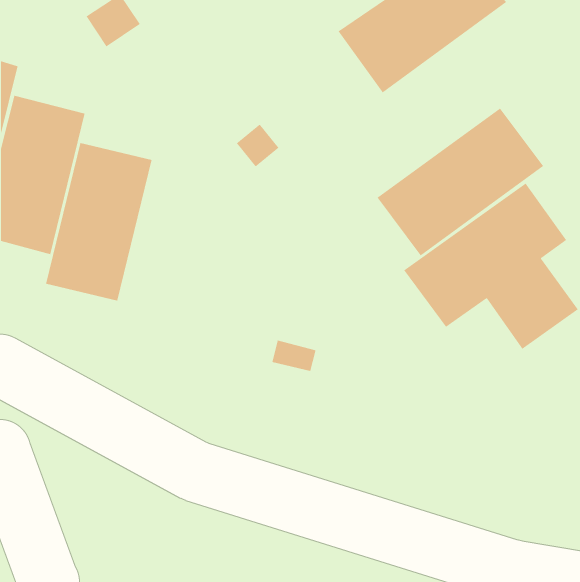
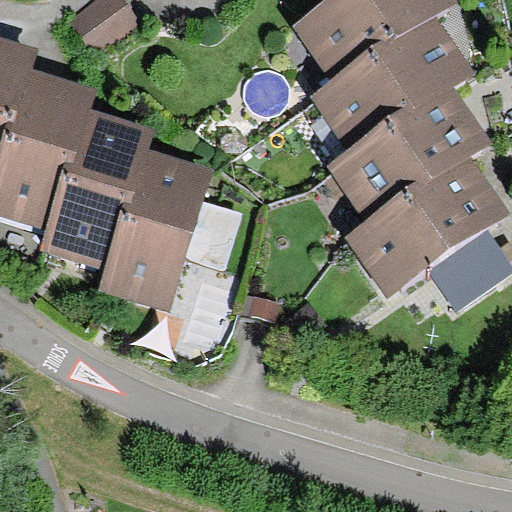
building: none -> [312,22,463,157]
building: none -> [109,157,239,295]

